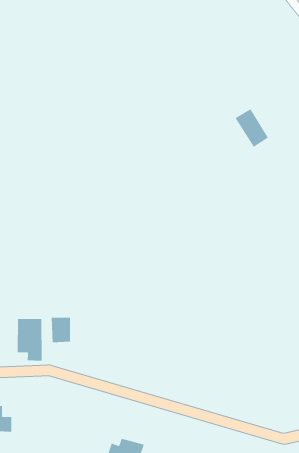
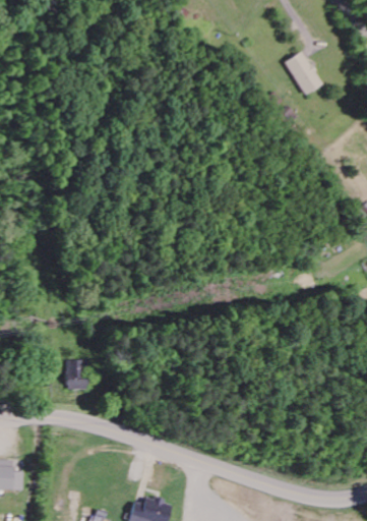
building: [234,108,269,148] -> [285,51,323,96]
building: [17,318,42,361] -> none

